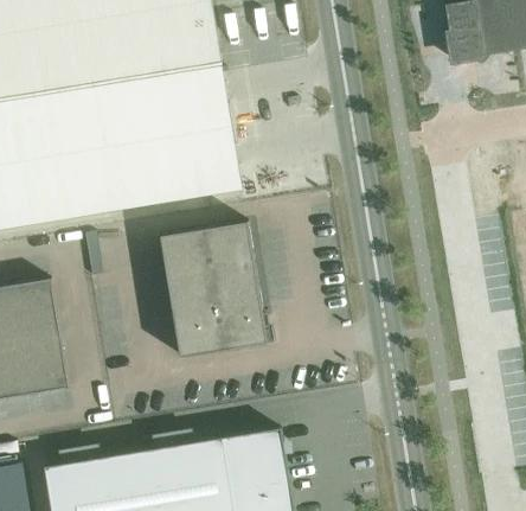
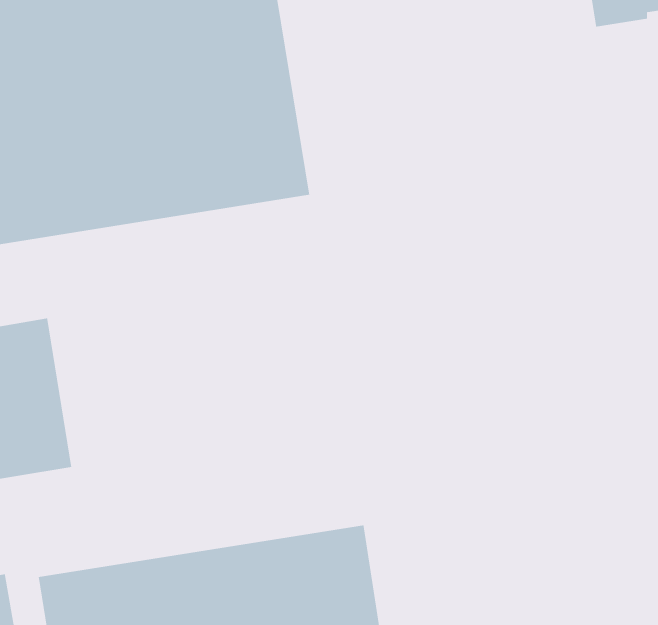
building: [159,222,267,357] -> none

